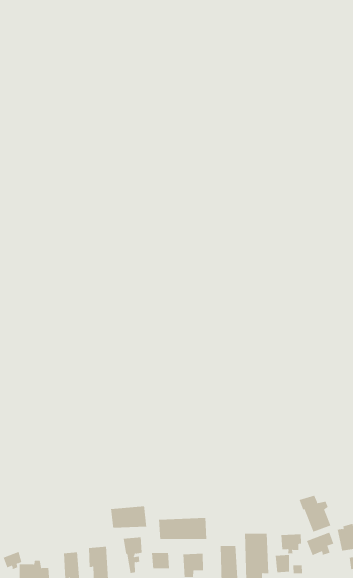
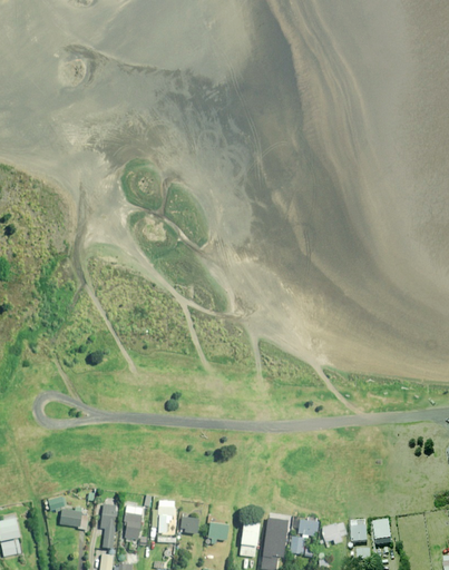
building: [299,495,331,532] -> none
building: [111,505,147,529] -> none
building: [158,517,207,540] -> none

